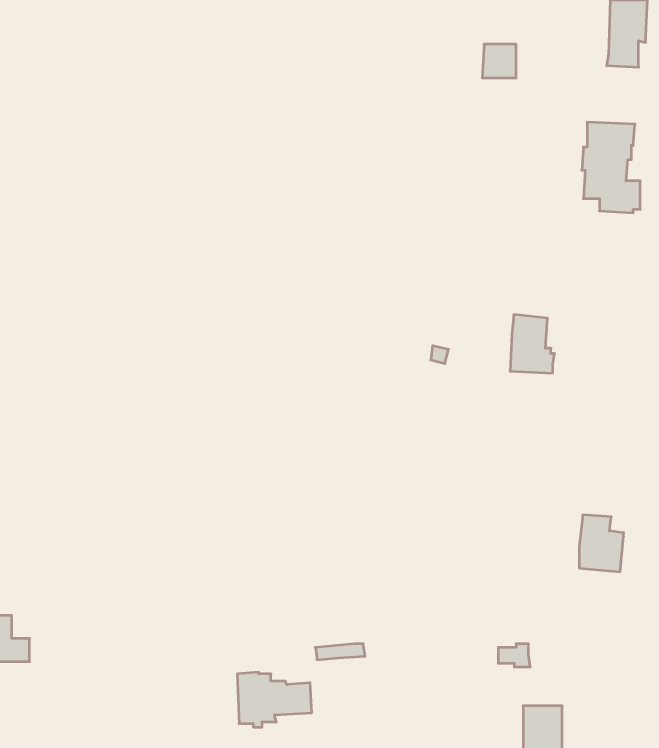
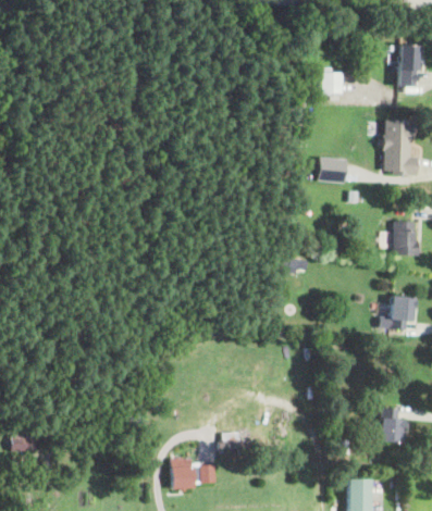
building: none -> [319,157,347,182]
building: [510,315,555,373] -> [394,221,421,257]
building: none -> [391,296,419,329]
building: [579,515,624,572] -> [381,409,408,444]

